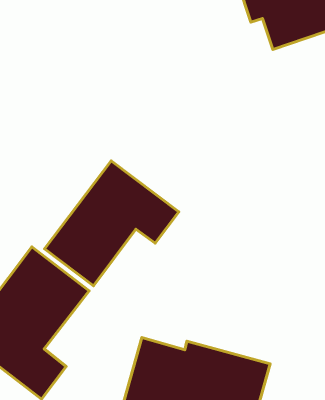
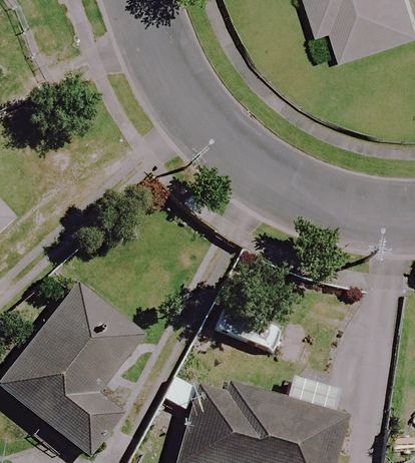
building: [44,161,179,286] -> none

